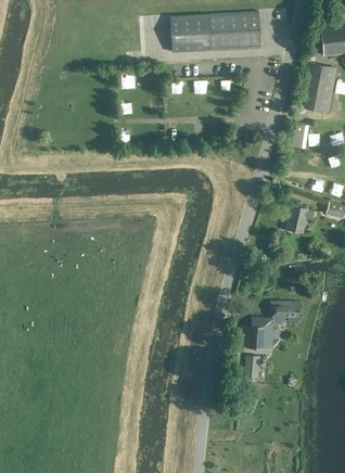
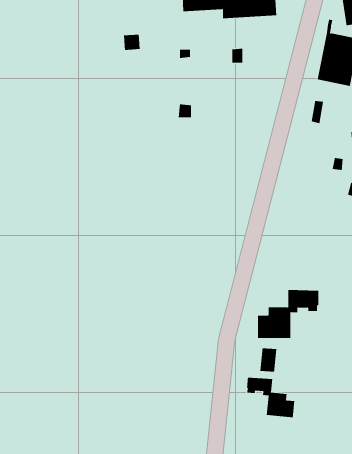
building: [288,206,315,233] -> none
building: none -> [246,377,295,418]

